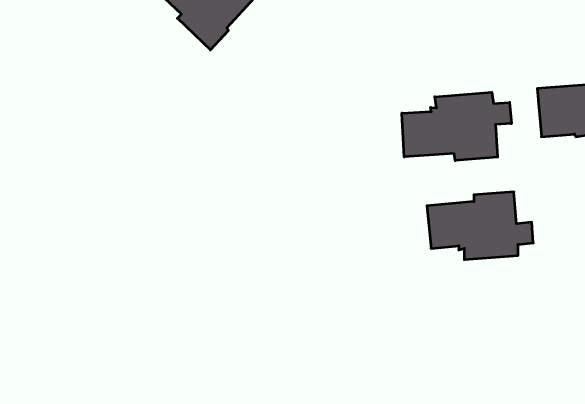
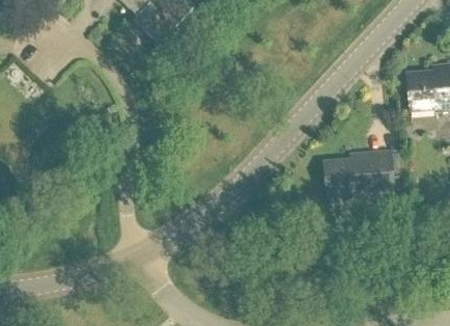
building: [402,92,511,161] -> none

